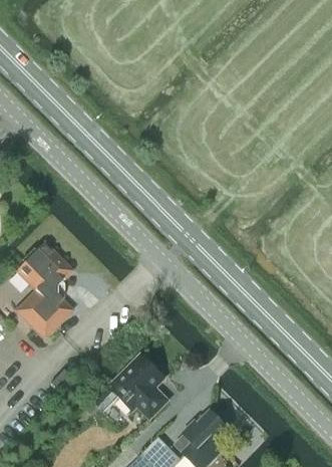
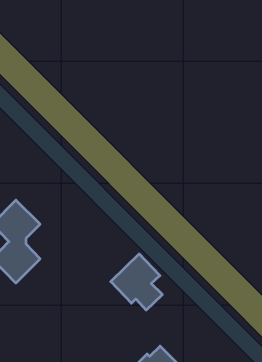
building: [108,354,169,419] -> [111,254,162,310]

